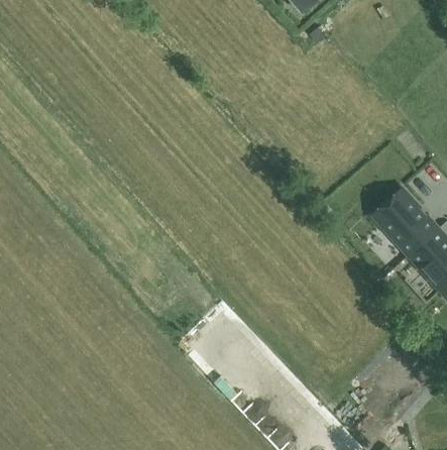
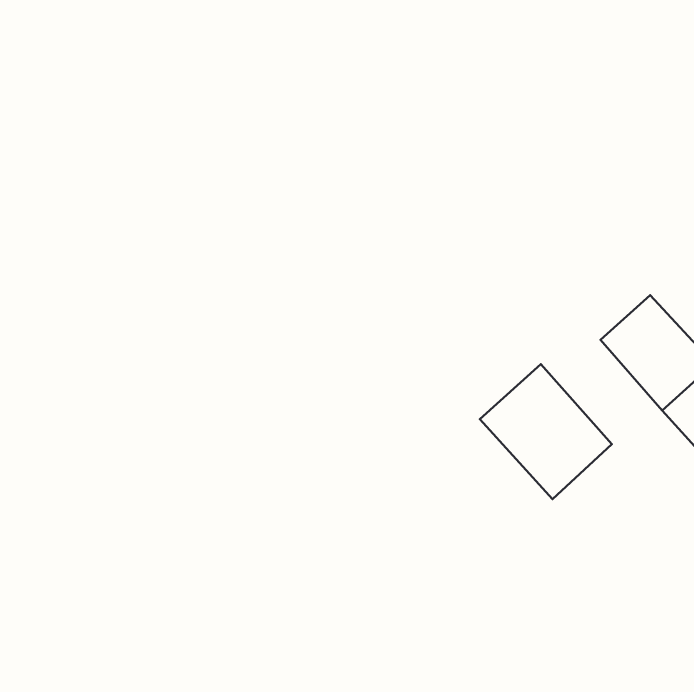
building: none -> [480,364,612,499]

